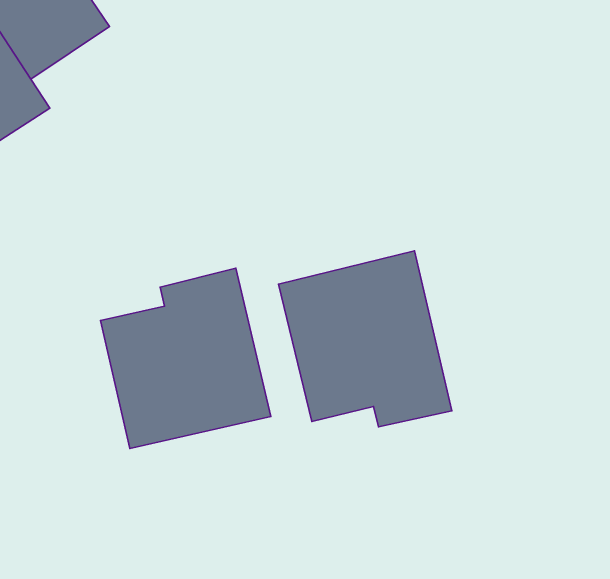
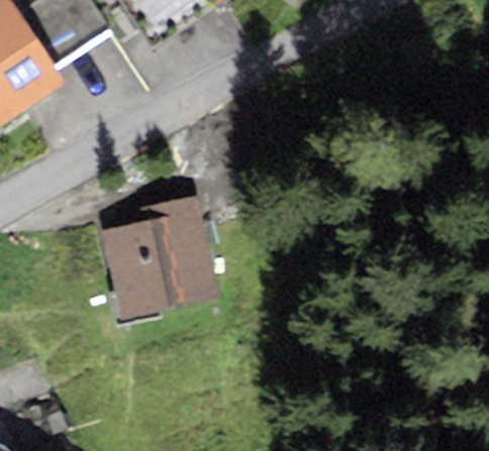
building: [279,251,452,427] -> none

